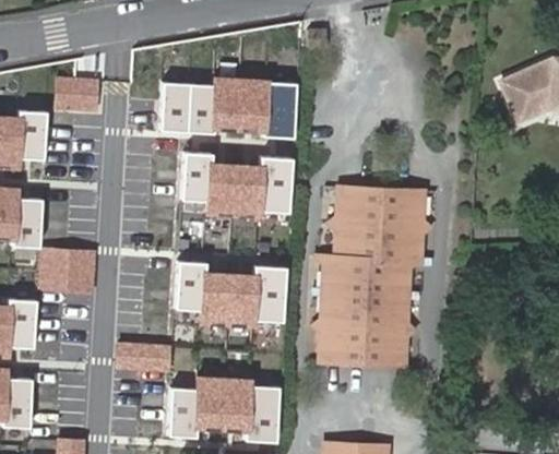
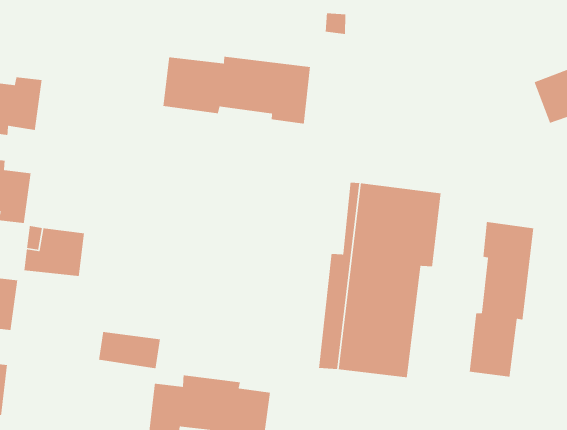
building: [56,79,98,110] -> none
building: [182,153,293,215] -> none
building: none -> [469,221,534,377]
building: [177,262,285,325] -> none

